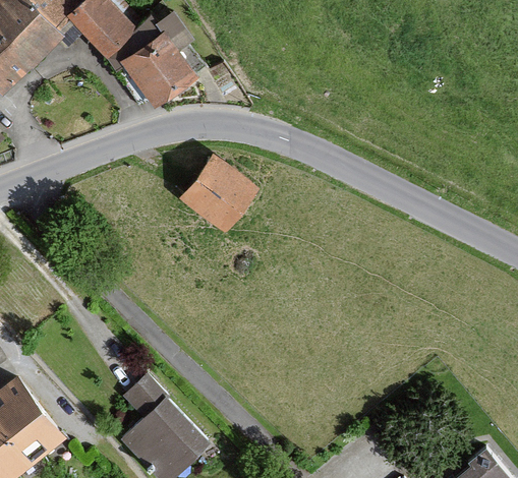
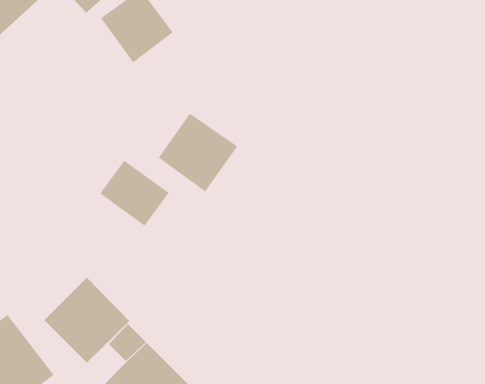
building: none -> [100,160,170,227]
building: none -> [44,277,130,363]

